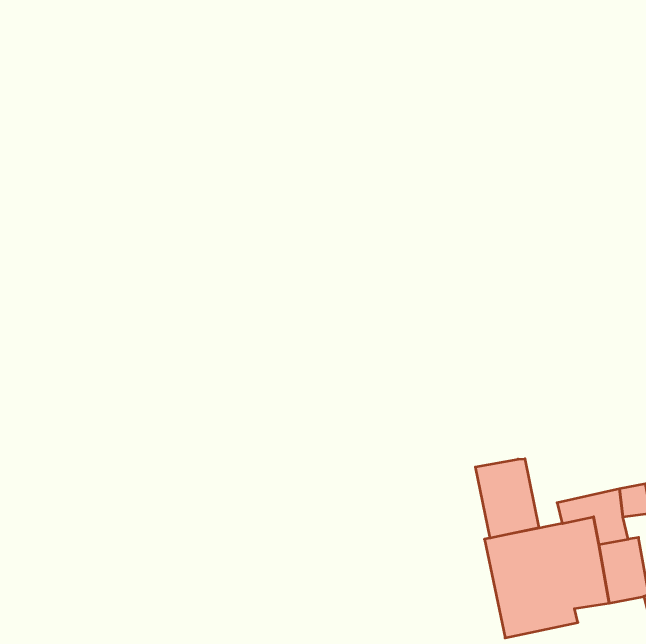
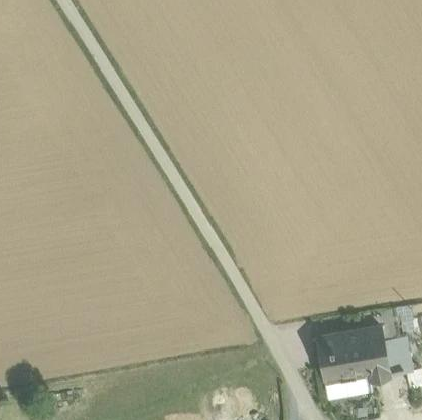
building: [475,459,539,538] -> none

